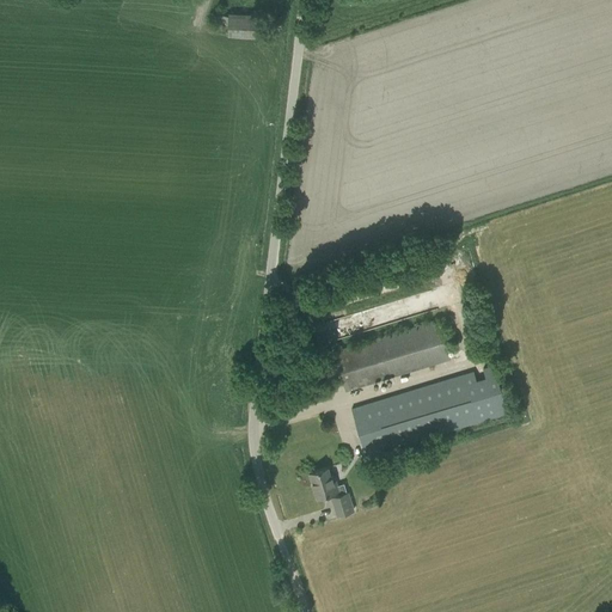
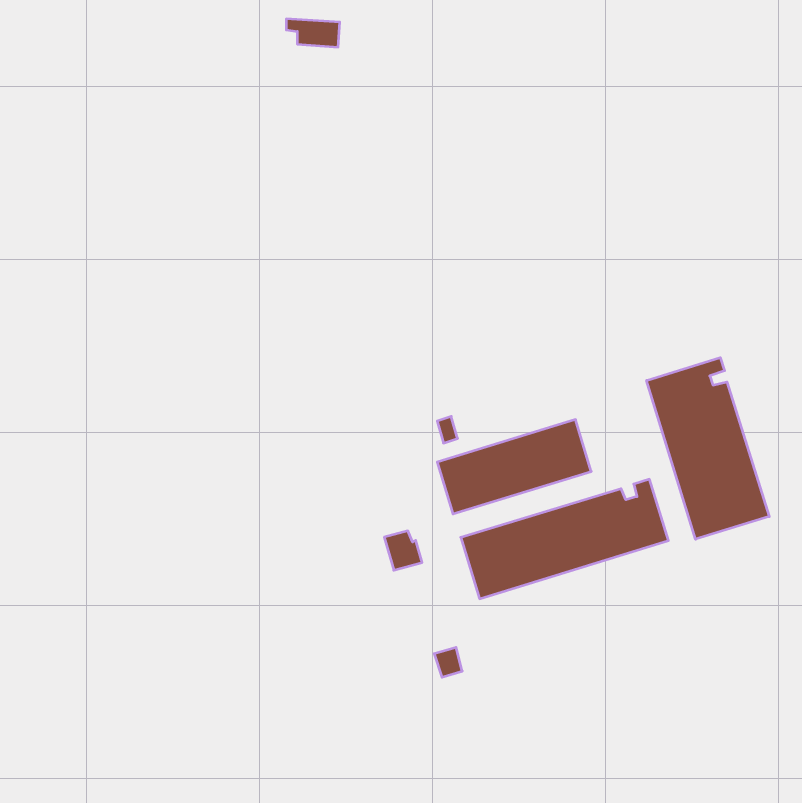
building: none -> [647,358,769,539]
building: [308,467,337,497] -> [384,531,422,570]

